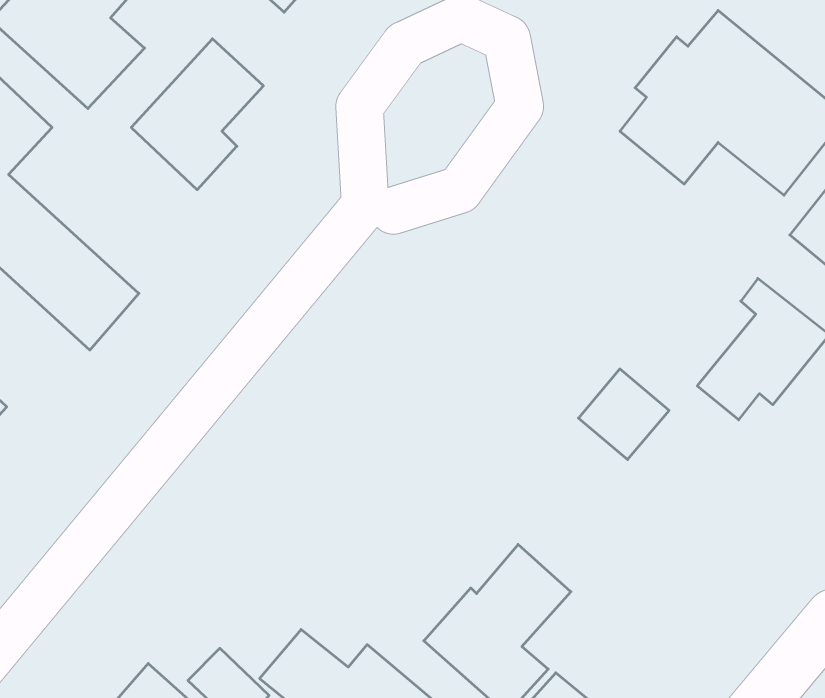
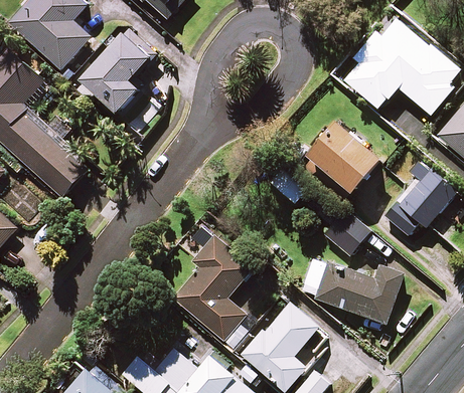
building: none -> [310,123,381,193]
building: none -> [174,234,254,347]
building: none -> [303,257,404,324]

